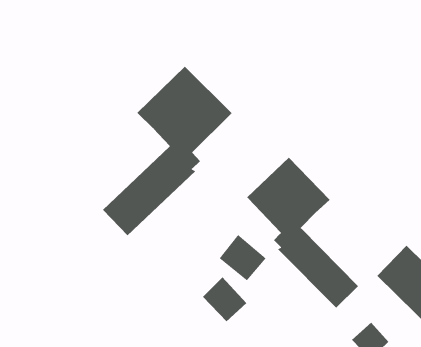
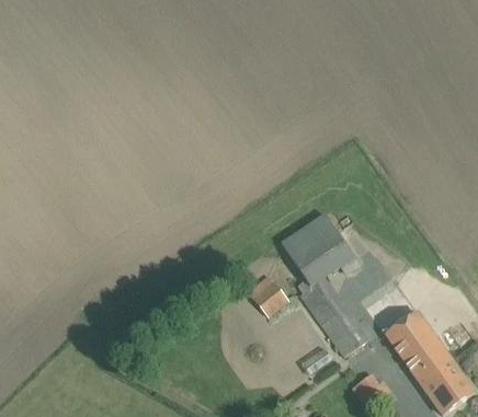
building: [102,66,233,236] -> none
building: [202,277,247,322] -> none

